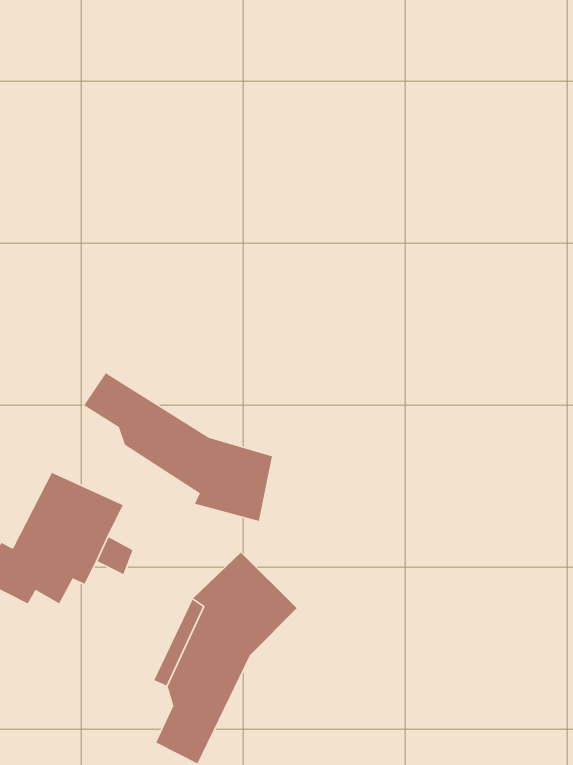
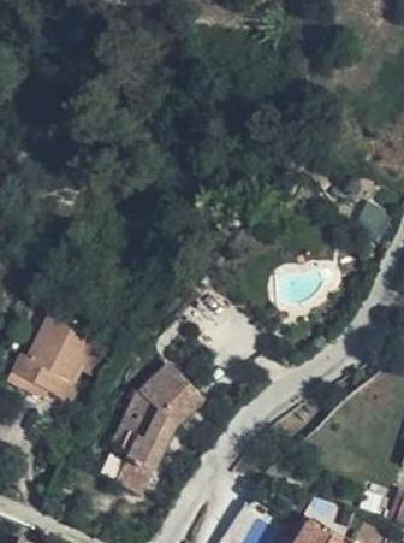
building: [83,372,273,522] -> none

